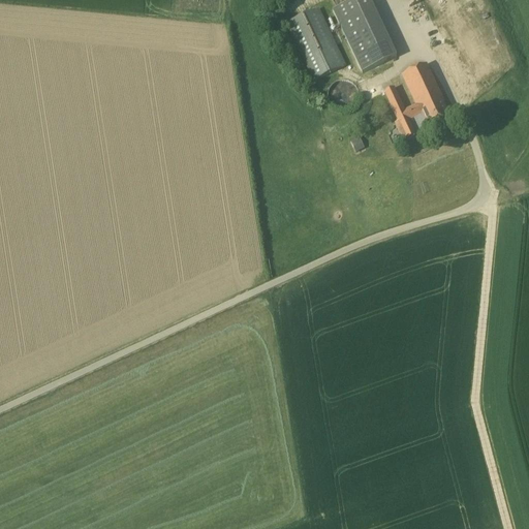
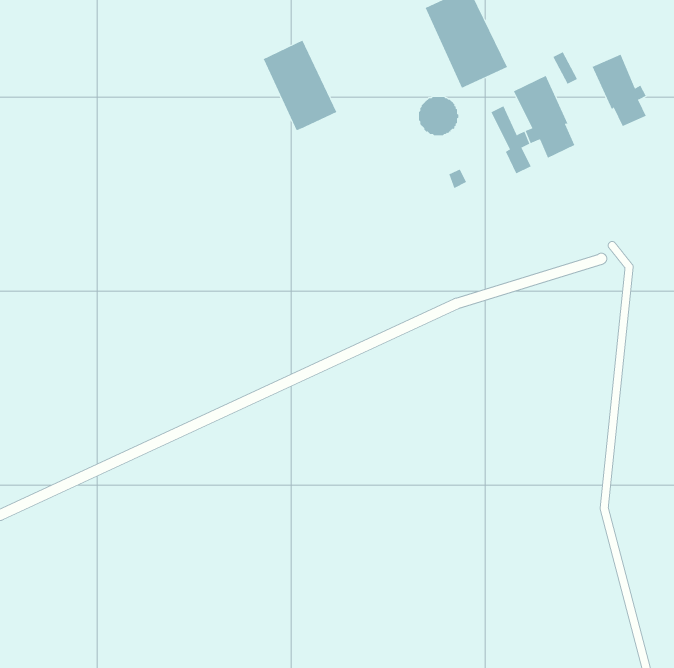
building: [287,4,346,75] -> [262,40,337,131]
building: none -> [592,54,647,127]

